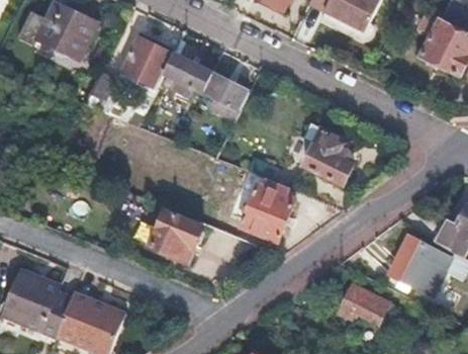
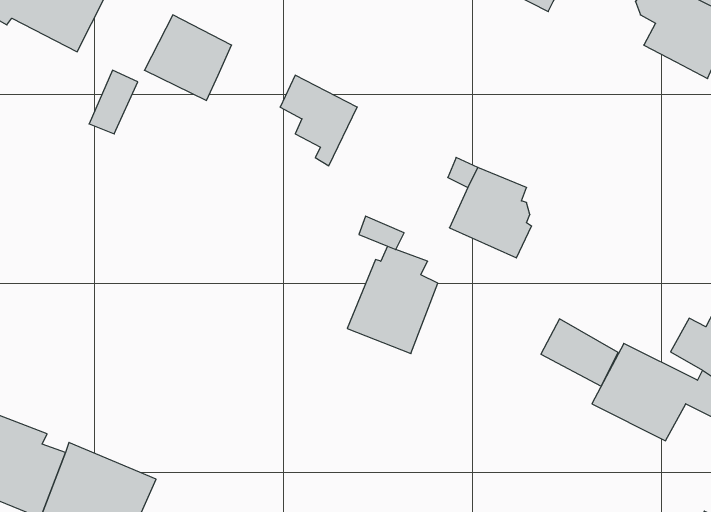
building: [163,55,209,96] -> none
building: [151,211,199,262] -> none
building: [341,281,387,322] -> [541,319,618,386]

